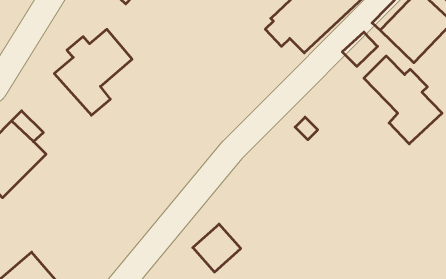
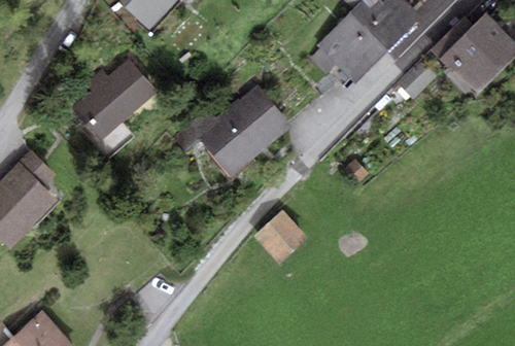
building: none -> [175,86,289,176]
building: [364,56,442,144] -> none
building: [193,224,241,272] -> [252,209,307,264]

